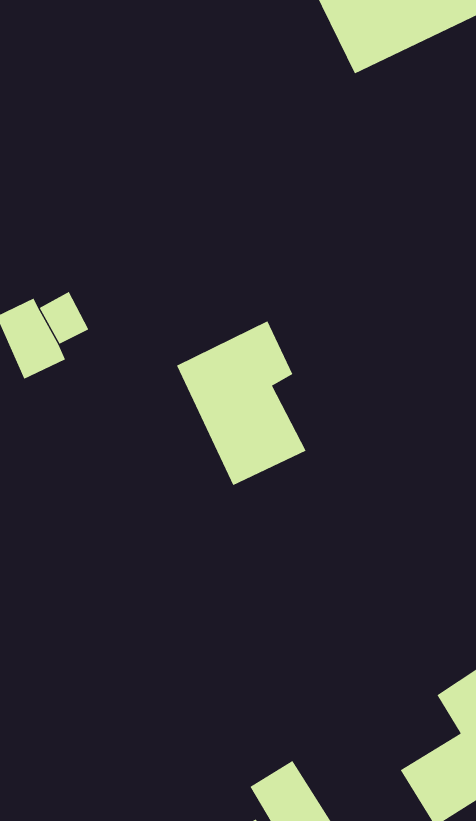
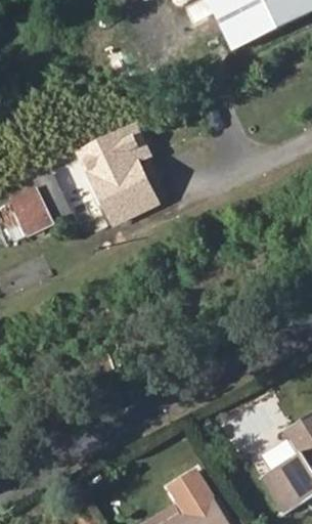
building: [176,321,306,486] -> [80,123,160,224]

